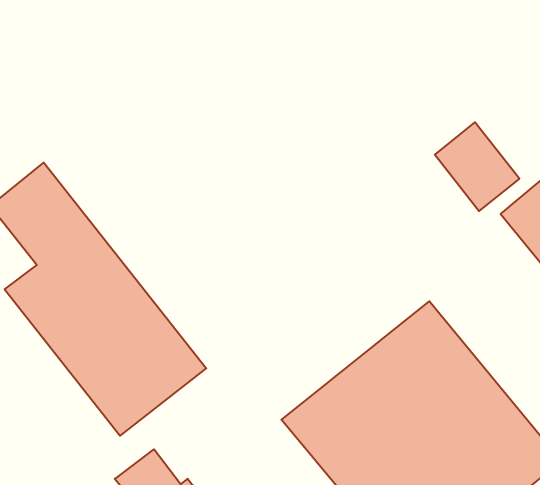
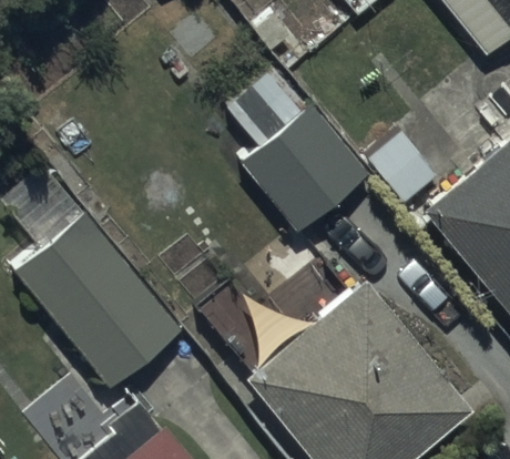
building: none -> [225,67,370,233]

